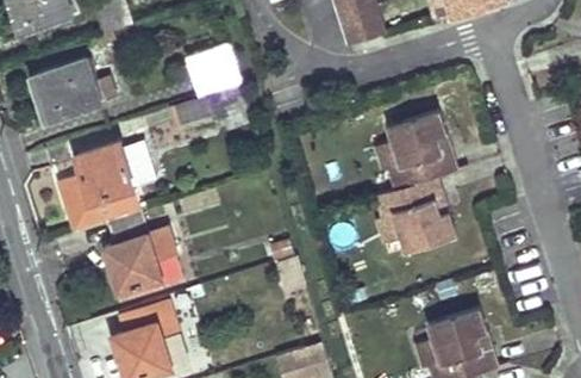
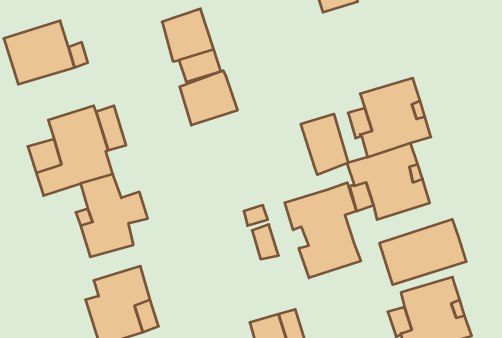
building: none -> [180,71,237,125]
building: none -> [301,114,348,175]
building: none -> [285,183,361,278]
building: none -> [380,219,466,285]

